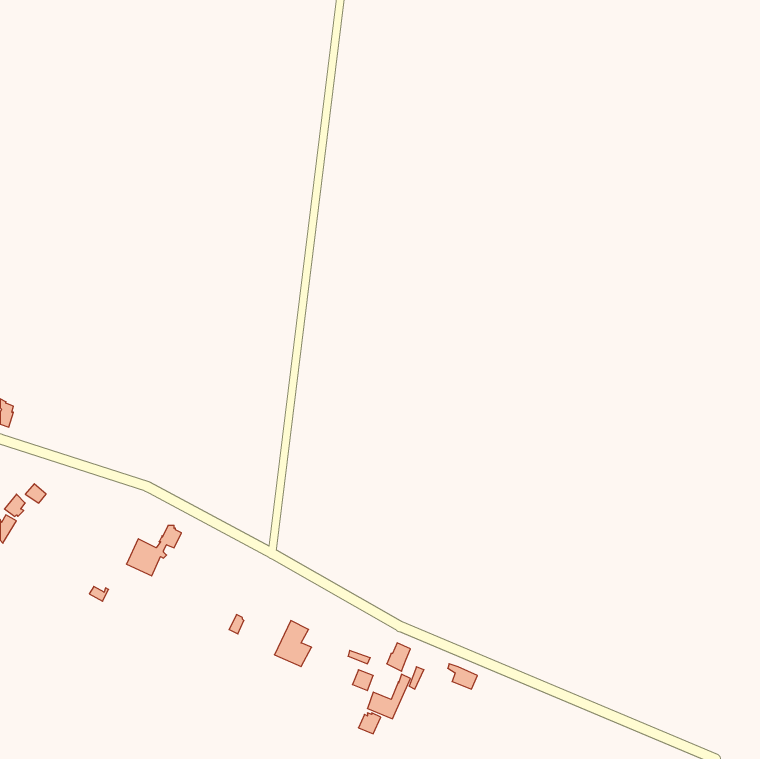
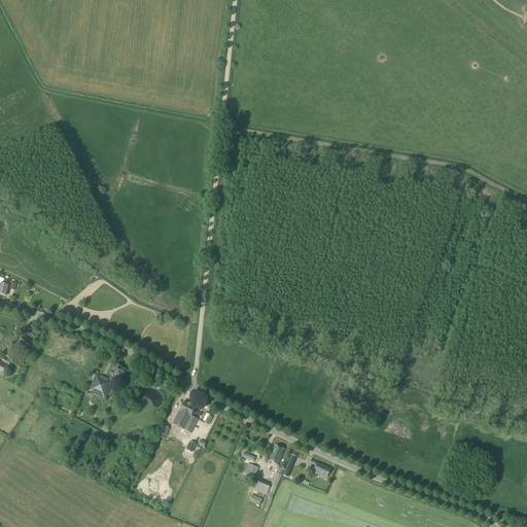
building: [274,621,312,667] -> [172,400,198,432]

